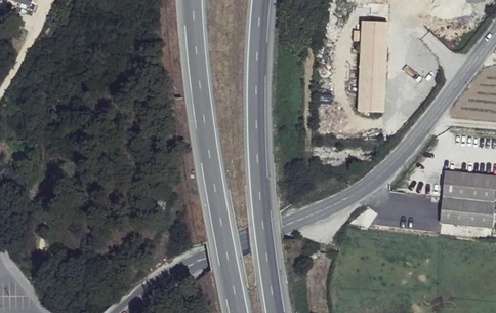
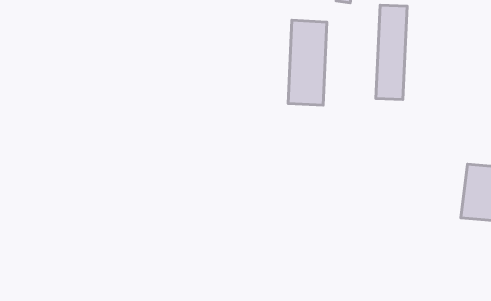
building: none -> [288,20,327,105]

